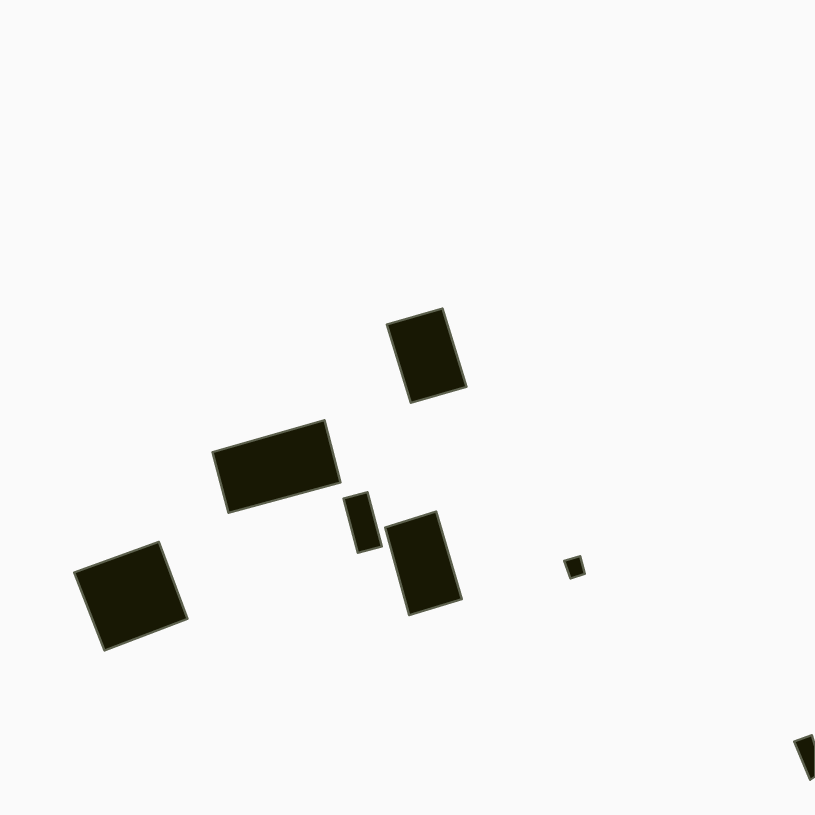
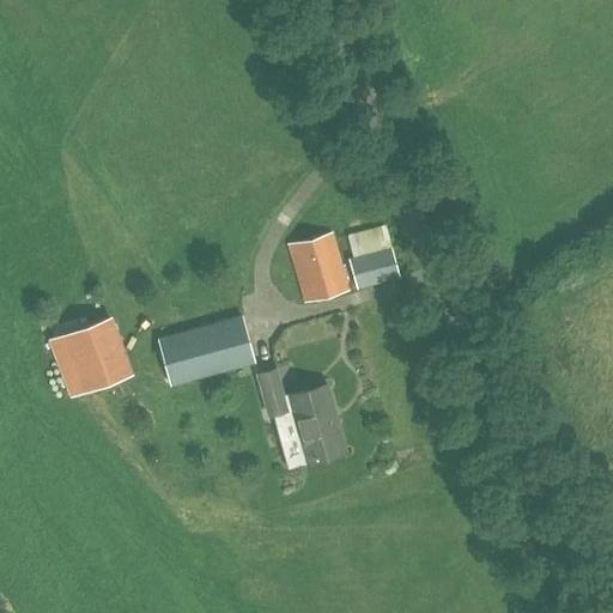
building: none -> [348,249,396,290]
building: [74,542,188,651] -> [48,317,133,399]

